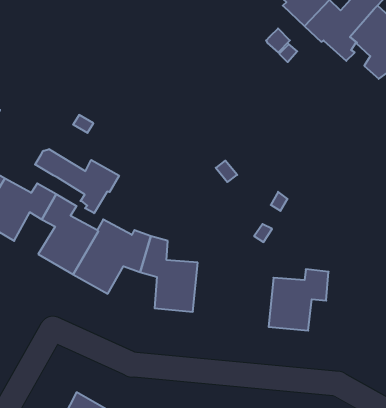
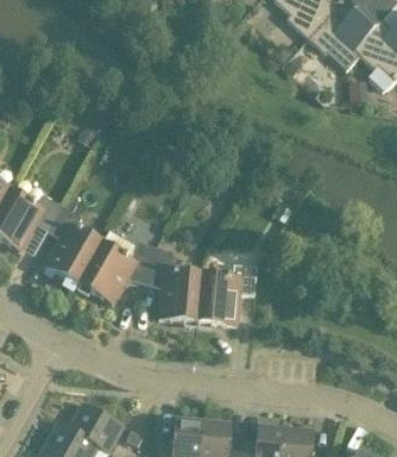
building: [35,149,119,213] -> none
building: [269,269,329,331] -> [197,263,257,324]

